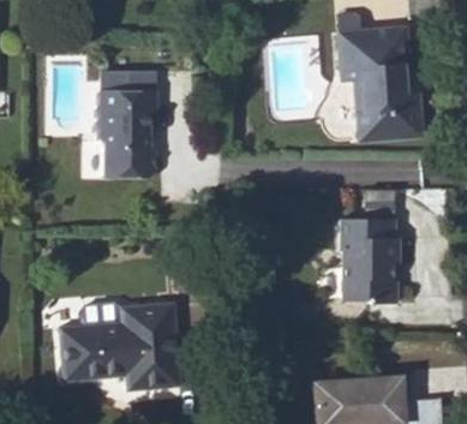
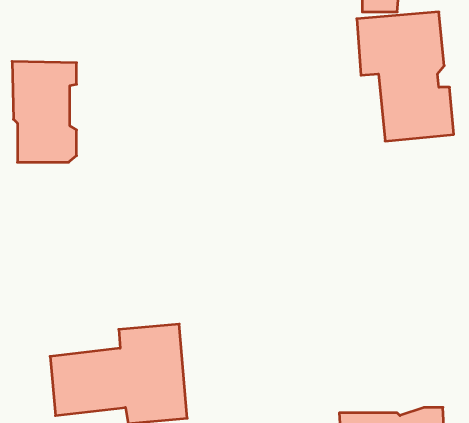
building: [97,85,155,175] -> [12,61,77,162]
building: [340,217,400,304] -> none

